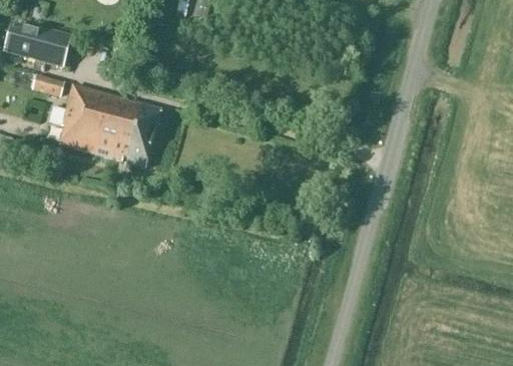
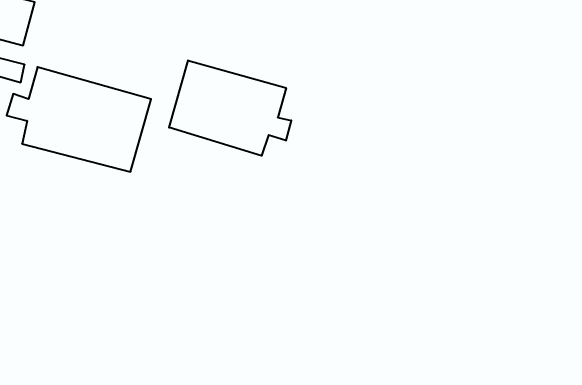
building: none -> [169,60,291,156]

